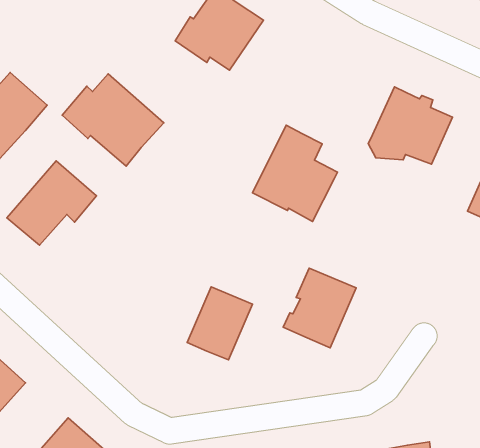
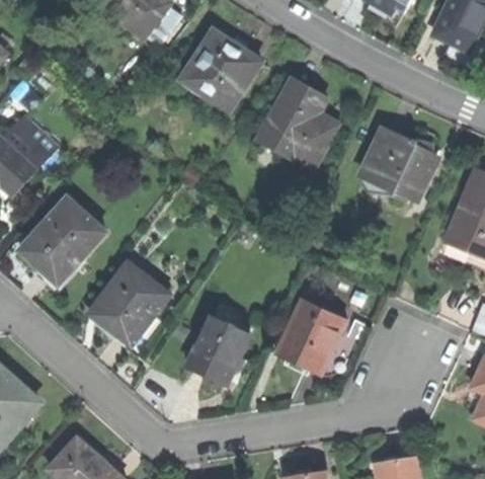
building: [62,74,164,166] -> none
building: [252,125,338,221] -> [257,80,336,169]
building: none -> [90,261,167,340]

